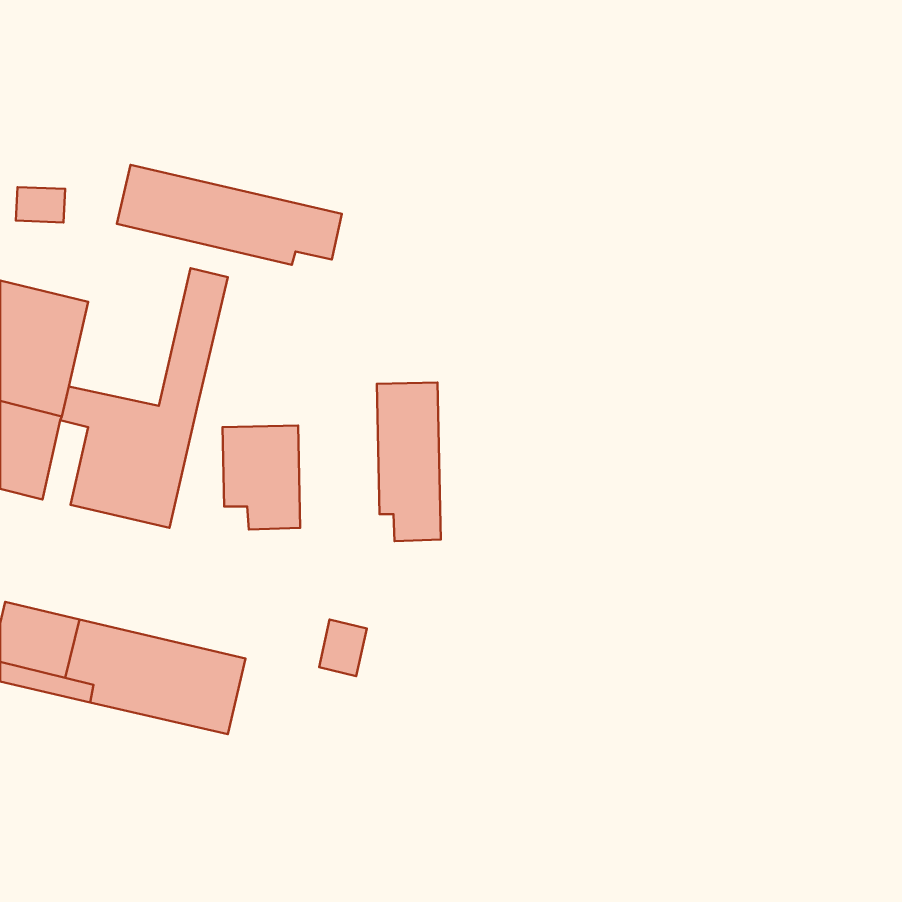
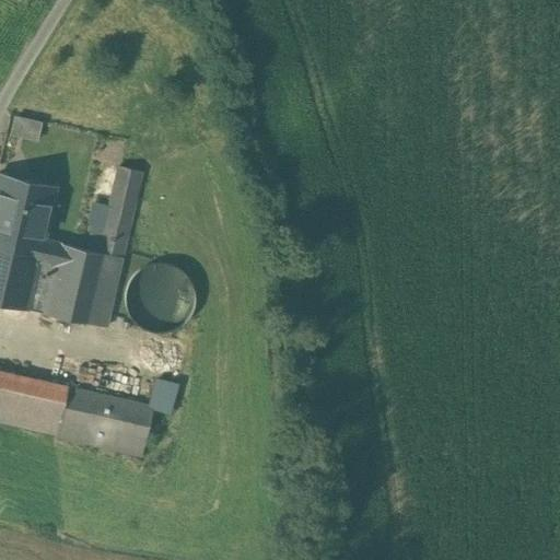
building: [117,165,342,265] -> none
building: [377,383,441,541] -> none
building: [319,620,367,676] -> [147,375,176,410]

